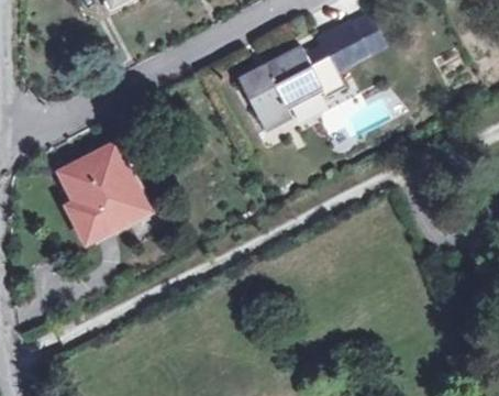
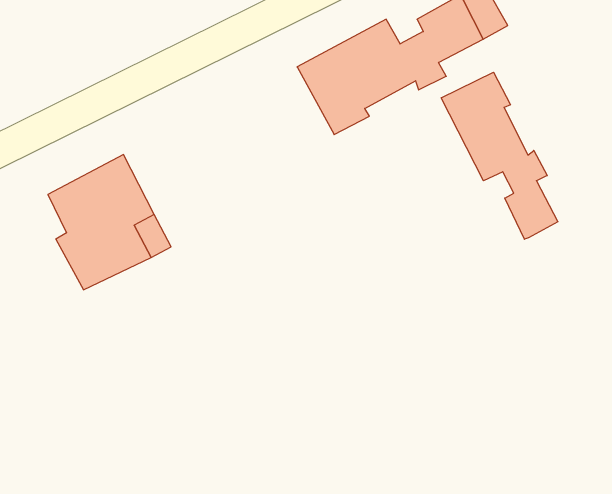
building: none -> [441,72,558,239]

